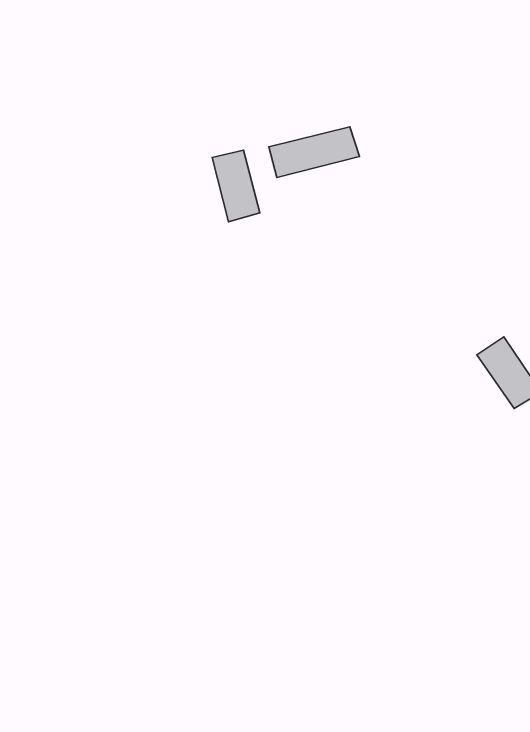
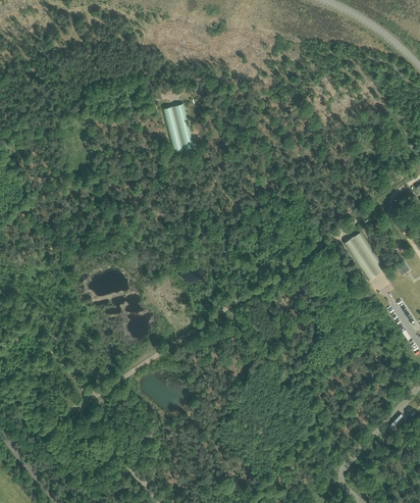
building: [269,127,359,178] -> none

